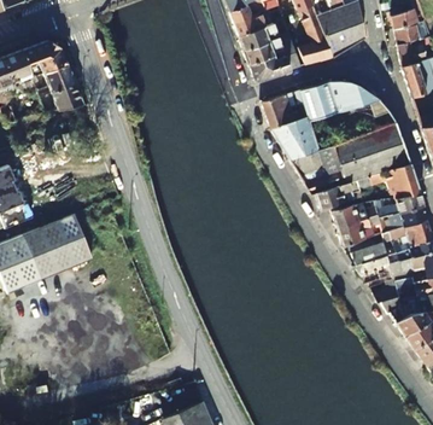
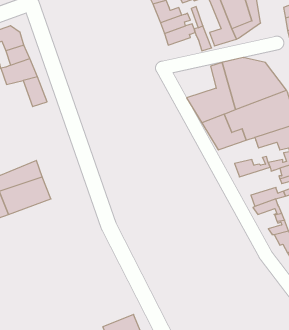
building: [246,54,288,82] -> none
building: [259,91,306,130] -> none
building: [312,182,358,211] -> none
building: [335,217,376,248] -> none

